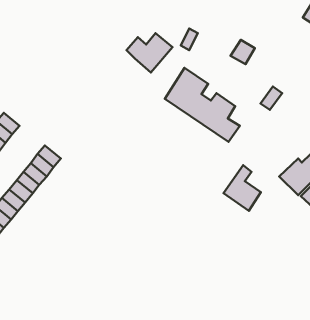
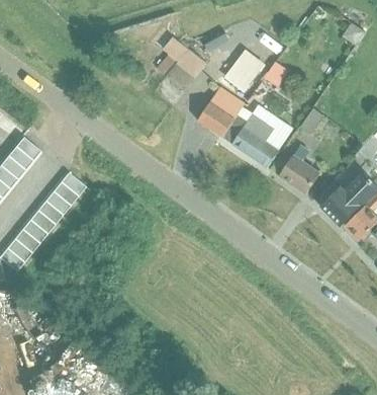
building: none -> [228,45,270,89]
building: [223,165,261,211] -> [278,146,318,195]

